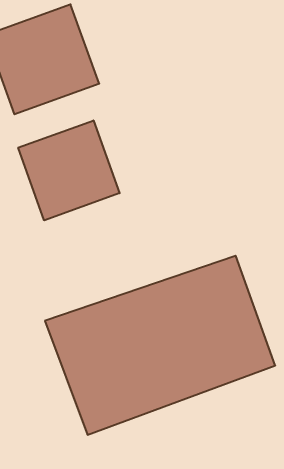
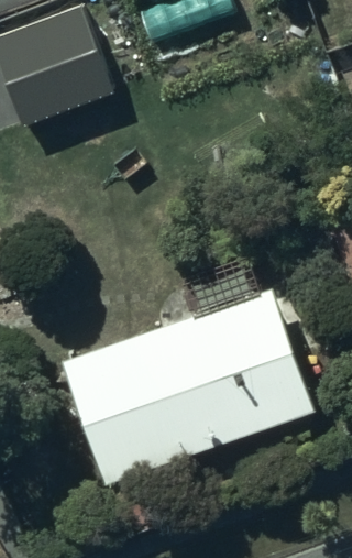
building: [18,120,120,220] -> none

